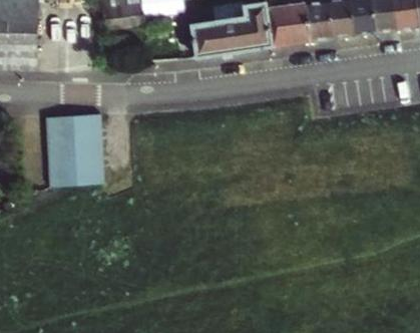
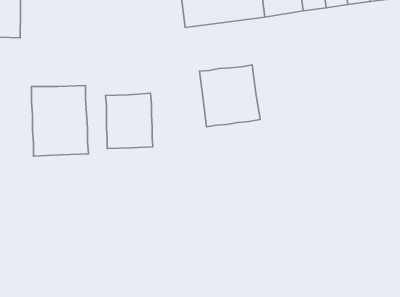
building: none -> [199,65,260,127]
building: none -> [106,93,153,149]

